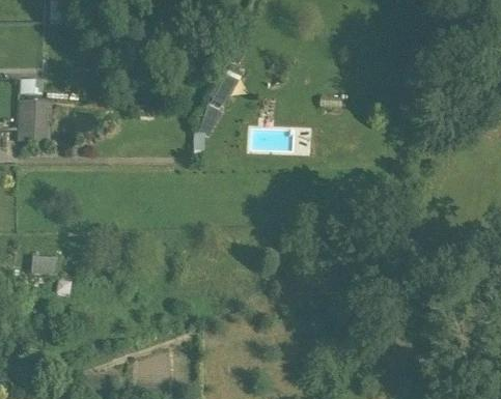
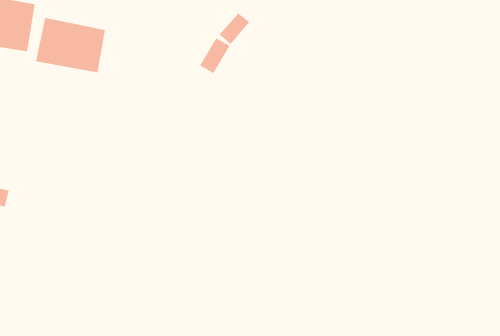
building: none -> [36,17,105,73]

